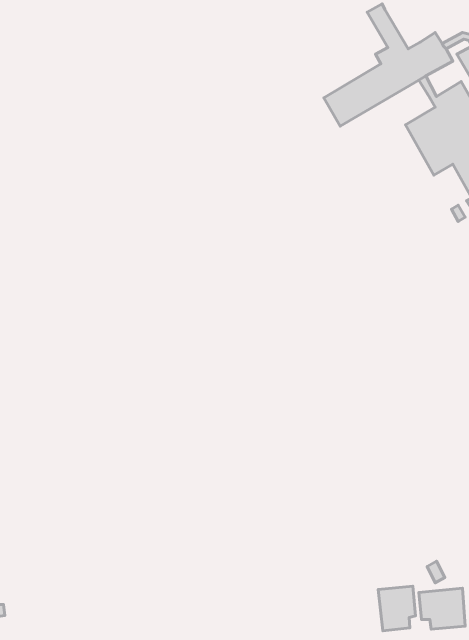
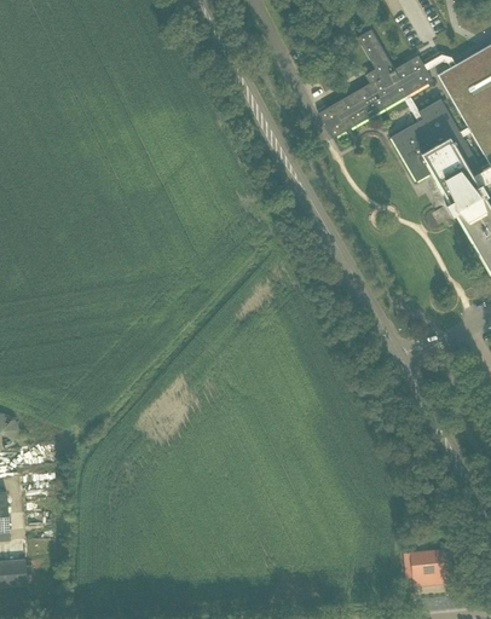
building: [378,586,415,631] -> none

